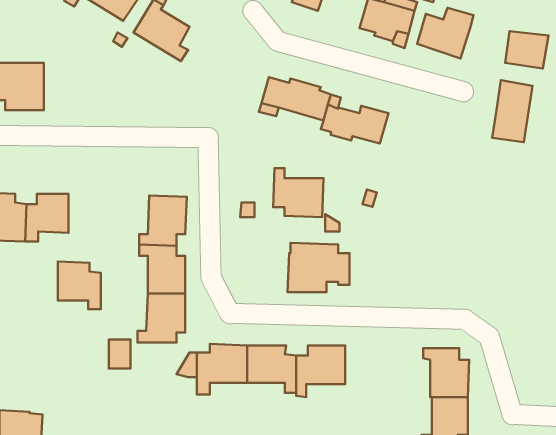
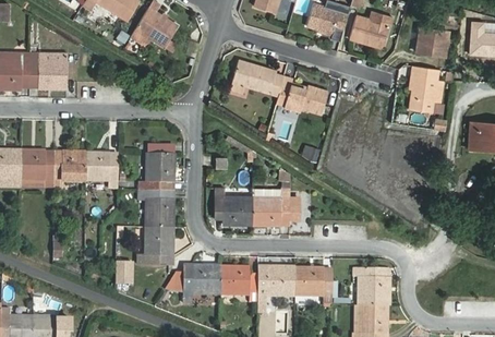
building: [273,168,323,217] -> [214,189,252,226]
building: [58,261,101,309] -> [85,152,118,188]
building: none -> [294,266,331,302]

